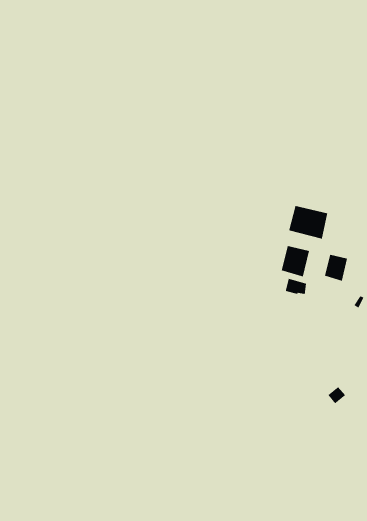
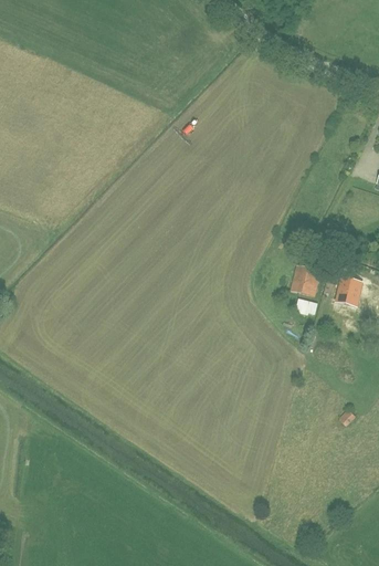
building: [288,205,328,239] -> none

